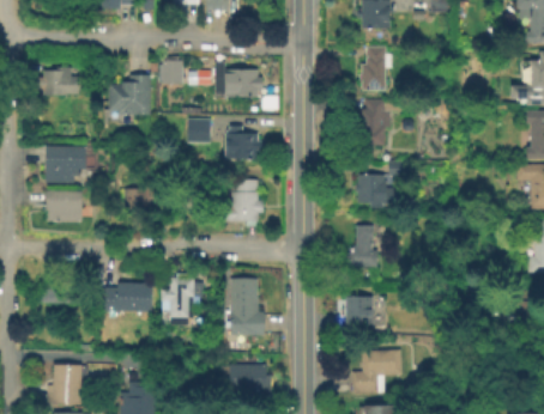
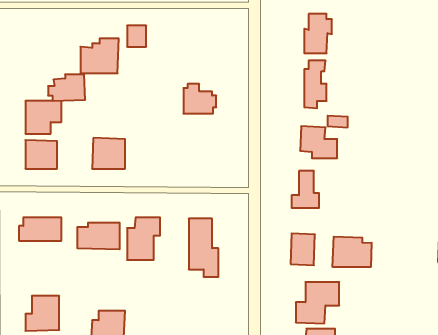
building: [197,62,262,98] -> none
building: [37,66,79,96] -> [48,74,85,101]
building: [187,120,211,145] -> none
building: [226,181,258,223] -> none
building: none -> [333,237,372,267]
building: [229,365,271,400] -> none

